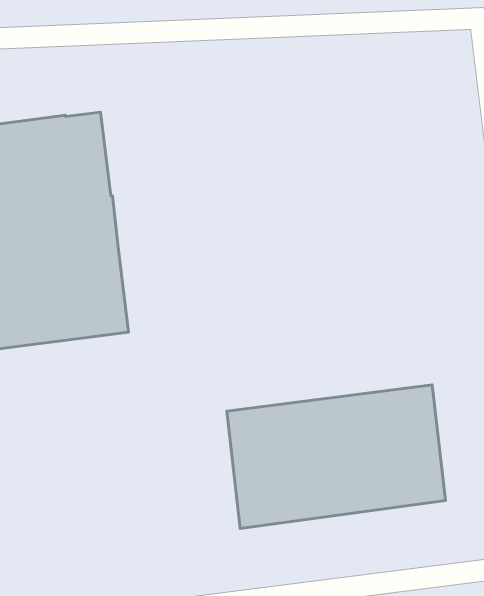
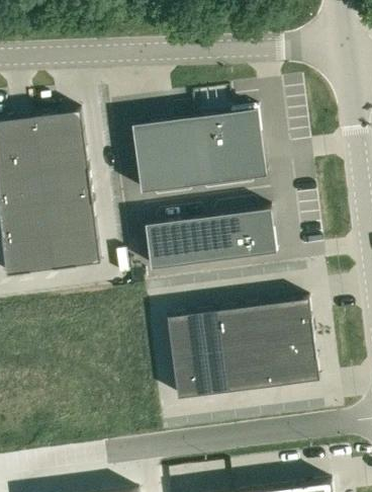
building: none -> [132,110,266,193]
building: none -> [145,210,272,269]

